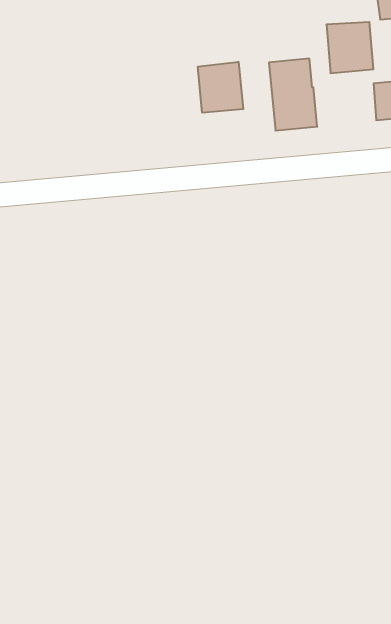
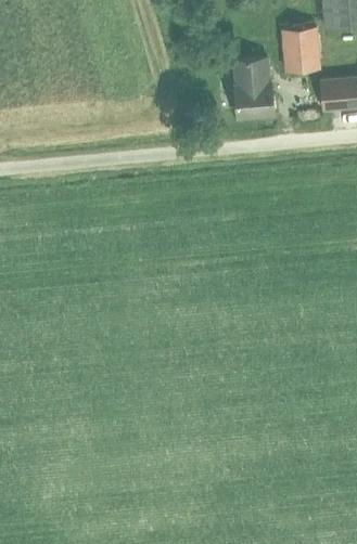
building: [198,62,243,113] -> none

